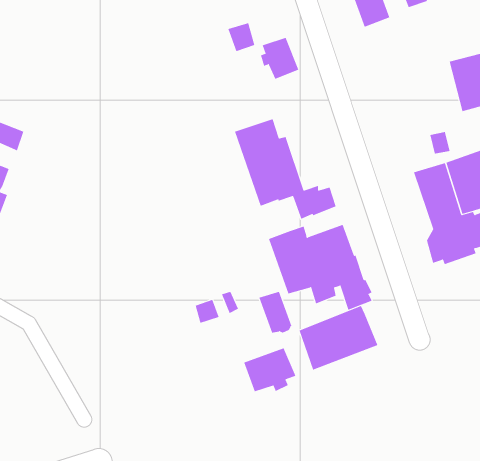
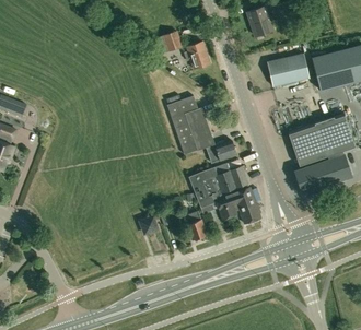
building: none -> [267,54,310,86]
building: [299,305,378,370] -> none
building: [243,348,296,392] -> none

